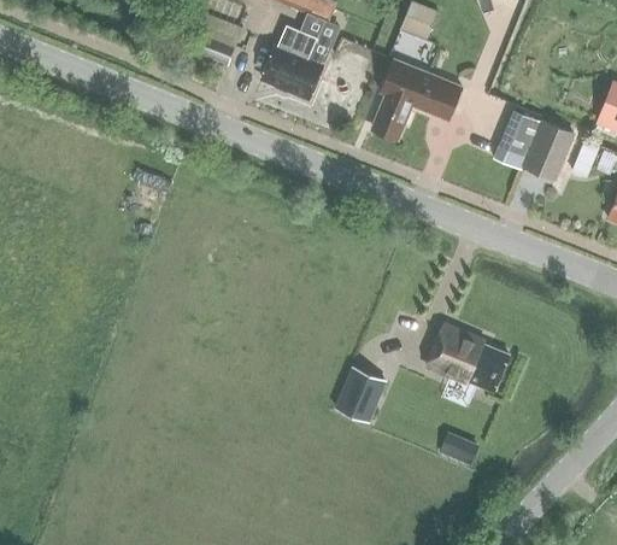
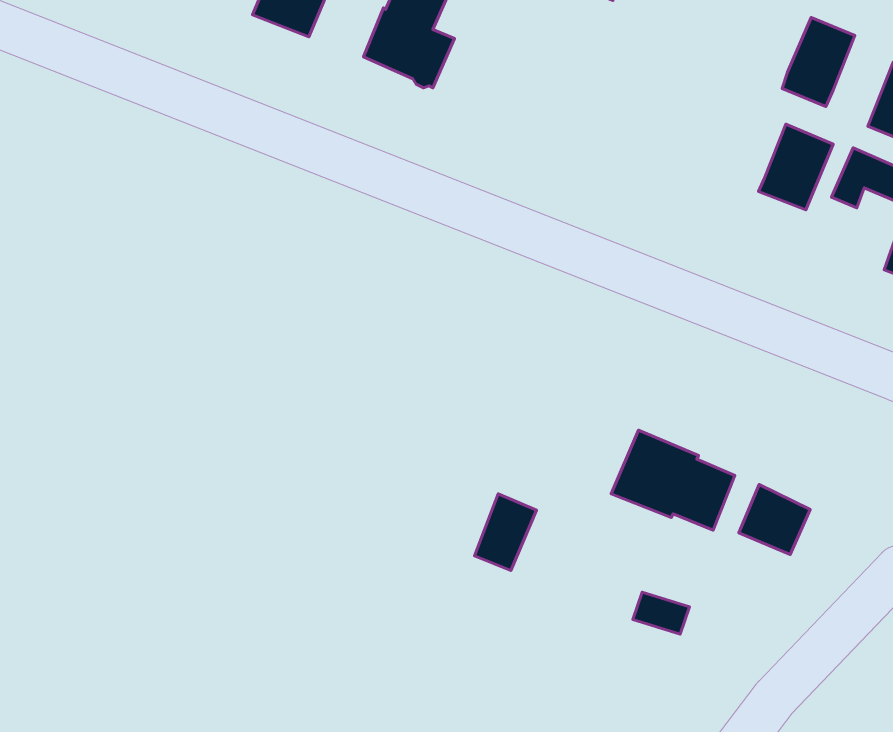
building: [374,61,462,139] -> none
building: [494,110,542,169] -> [782,17,855,107]
building: none -> [739,485,810,554]

